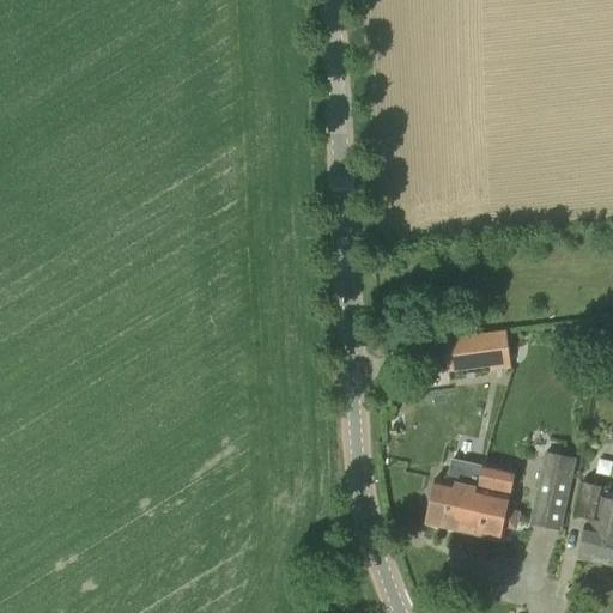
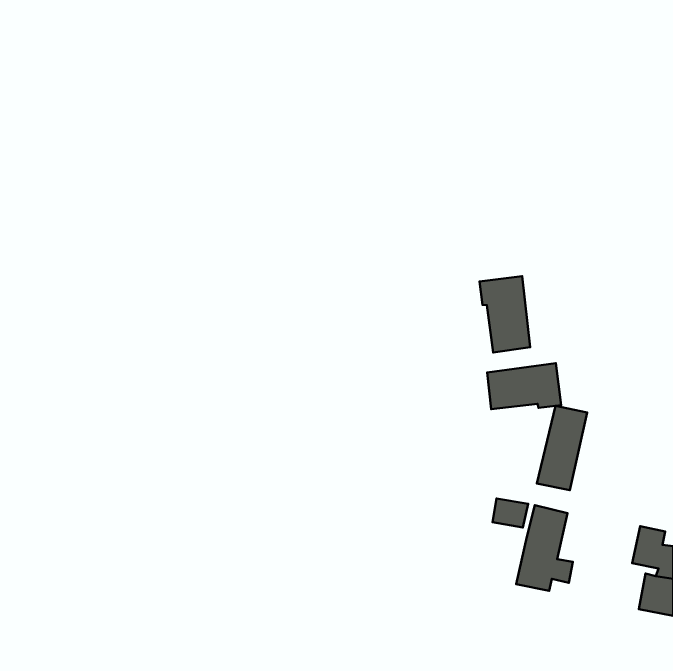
building: none -> [480,276,530,352]
building: [530,451,576,528] -> [537,406,587,490]
building: [427,480,479,533] -> none

